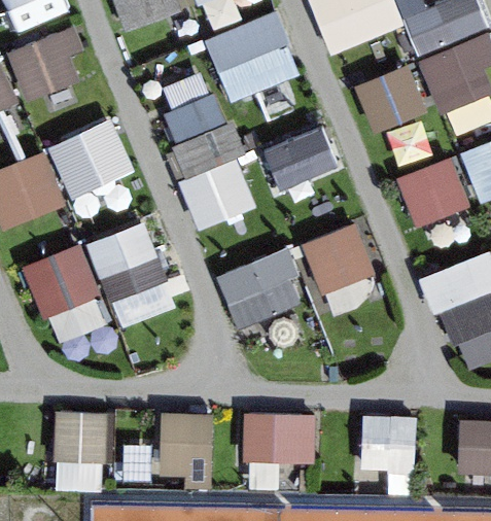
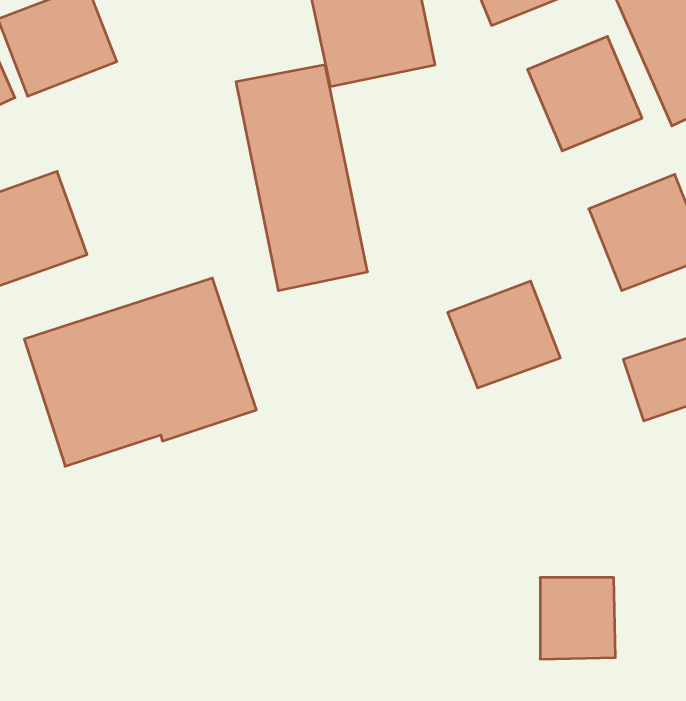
building: [47,118,137,202] -> none
building: [264,123,340,199] -> none
building: [222,230,293,320] -> none
building: [243,409,315,463] -> none
building: [55,410,103,489] -> none
building: [157,413,211,482] -> none

